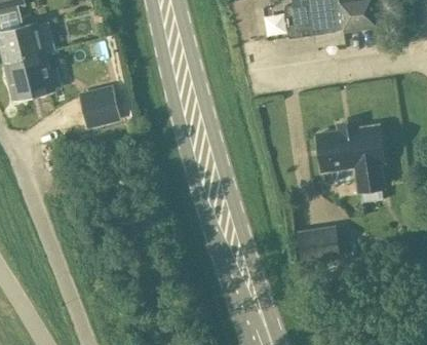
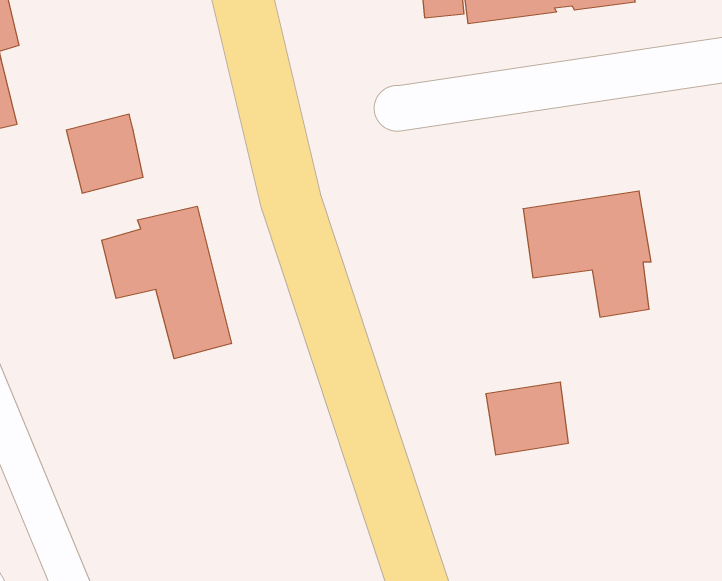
building: none -> [102,206,231,359]

